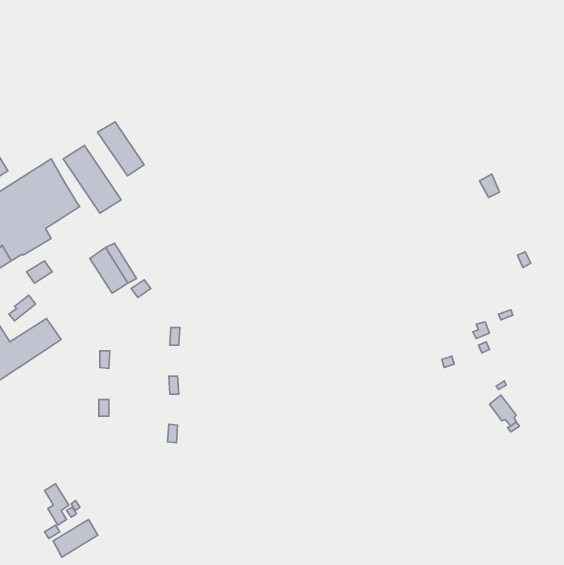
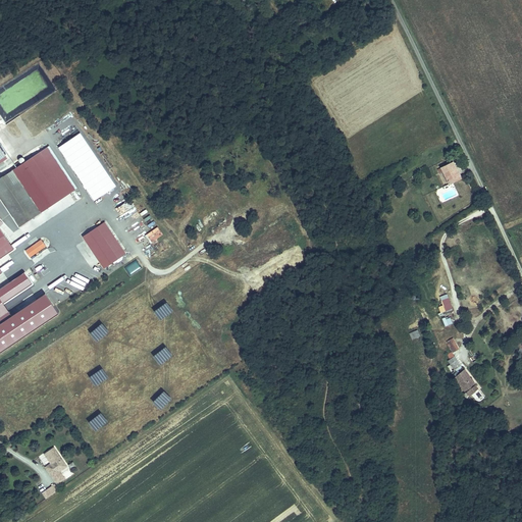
building: [97,122,144,176] -> none
building: [53,520,98,557] -> none

